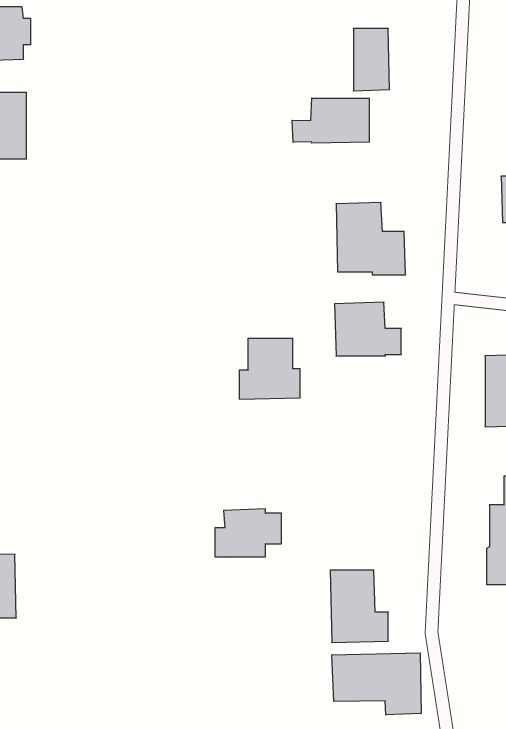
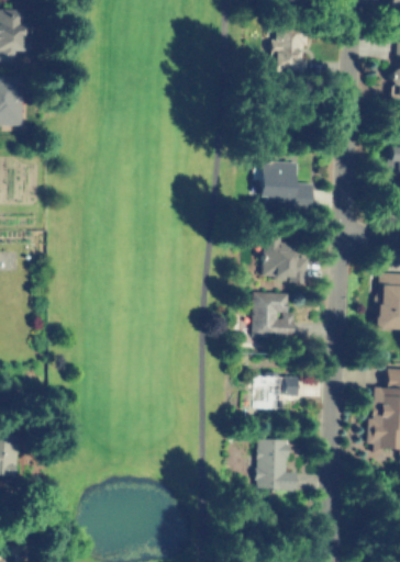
building: [292,98,369,143] -> none
building: [239,338,300,399] -> [248,292,295,338]
building: [215,509,281,557] -> [253,372,303,408]
building: [332,653,421,715] -> none

